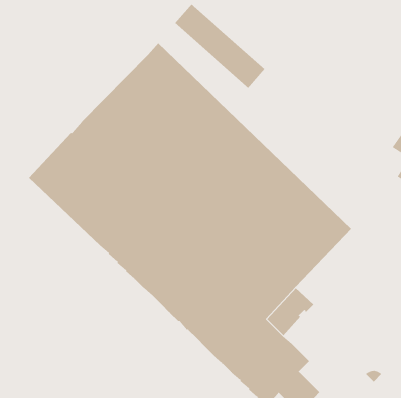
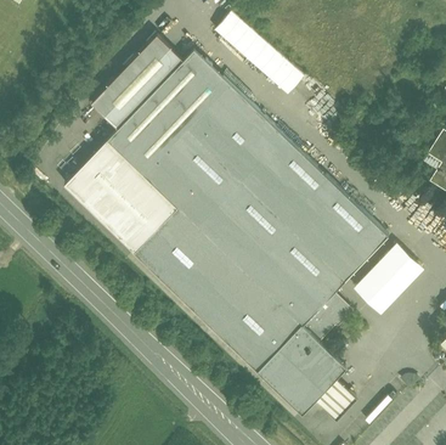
building: none -> [92,35,184,128]
building: none -> [355,243,423,311]

